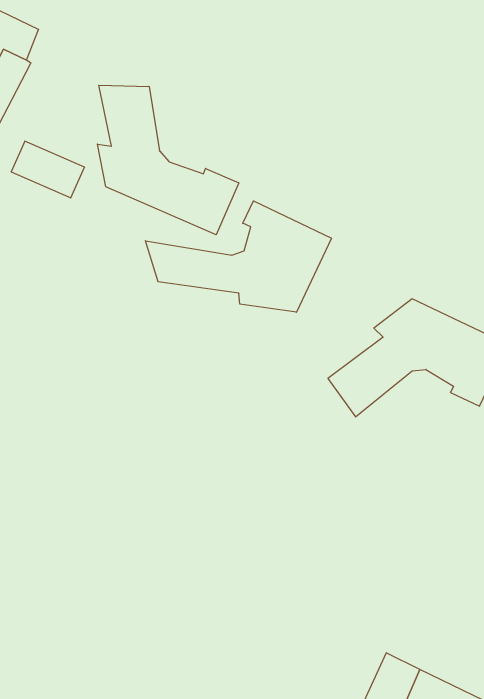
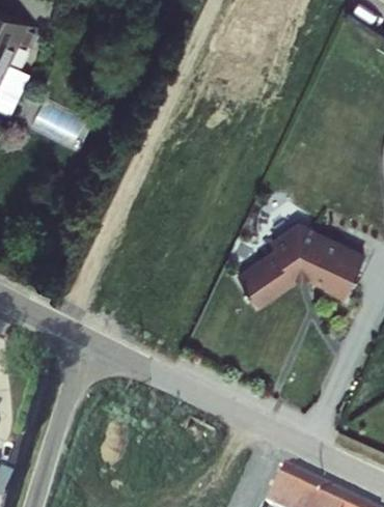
building: [97,85,239,235] -> none
building: [145,201,332,312] -> none

